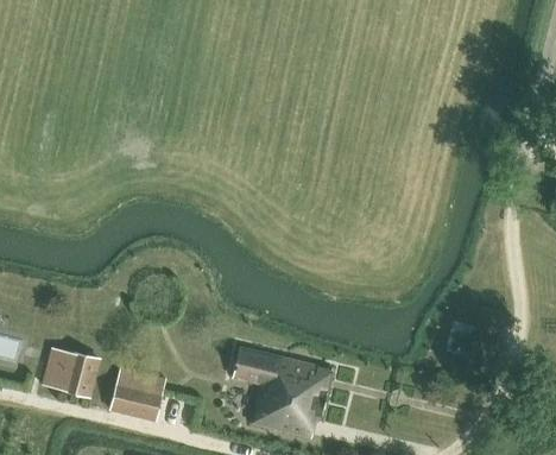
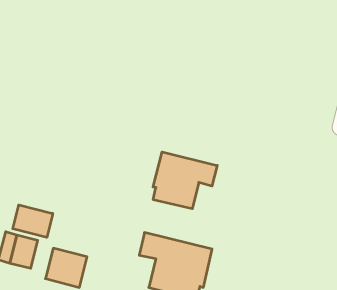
building: none -> [153,152,217,209]
building: none -> [13,205,53,237]

